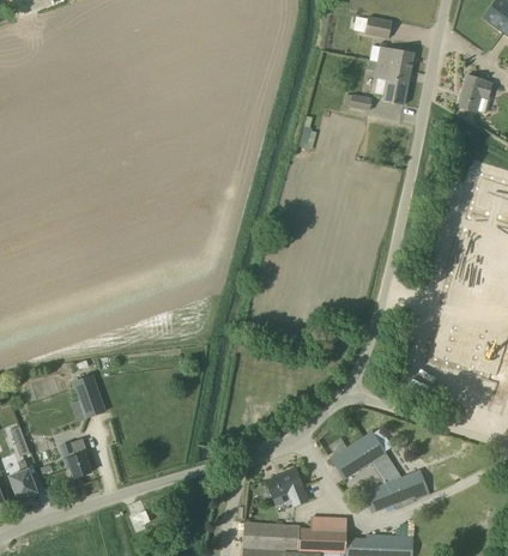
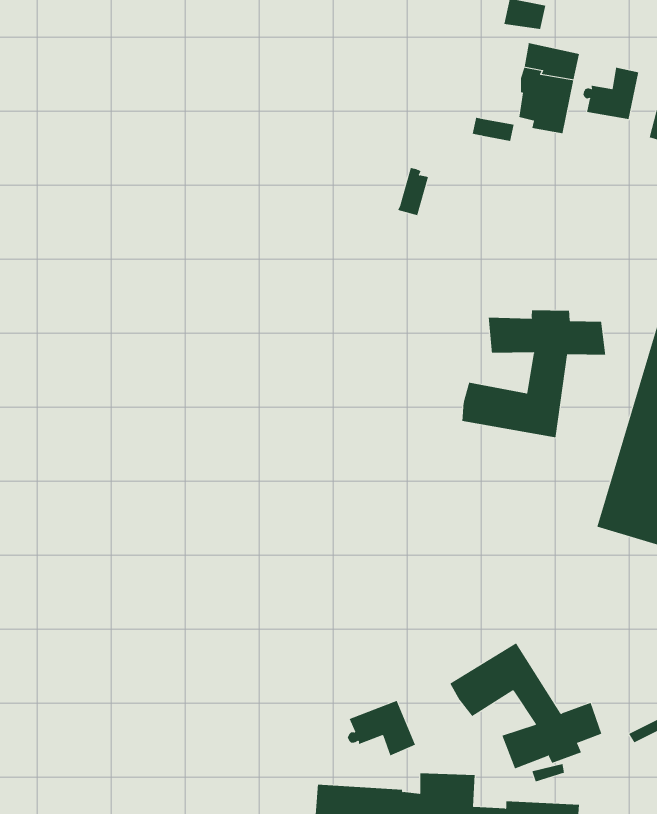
building: none -> [583,67,639,120]
building: none -> [462,310,606,438]
building: [73,373,107,418] -> none
building: [61,437,91,477] -> none

